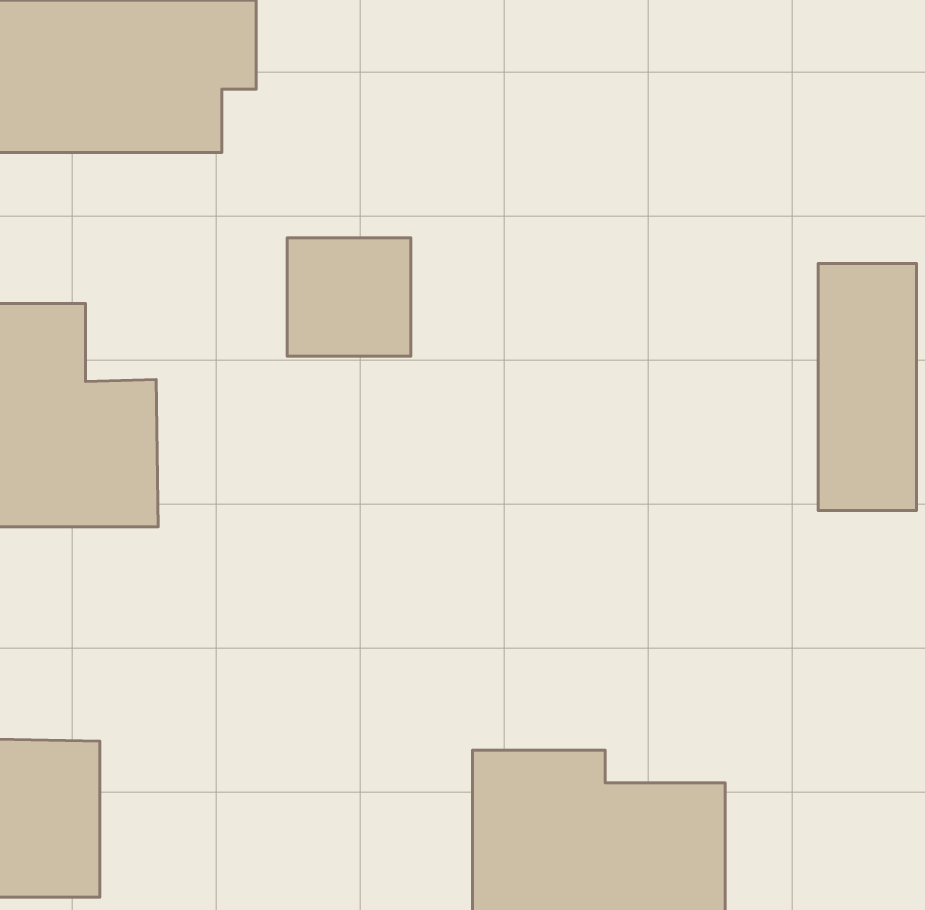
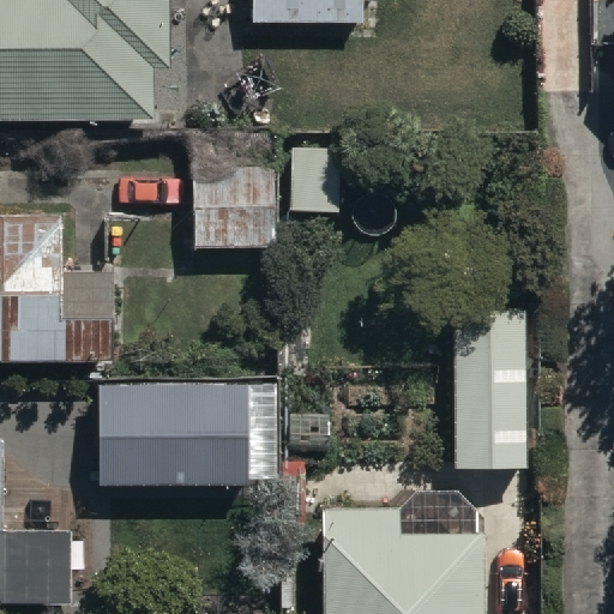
building: [818,263,916,510] -> [466,309,531,472]
building: none -> [91,380,275,484]

